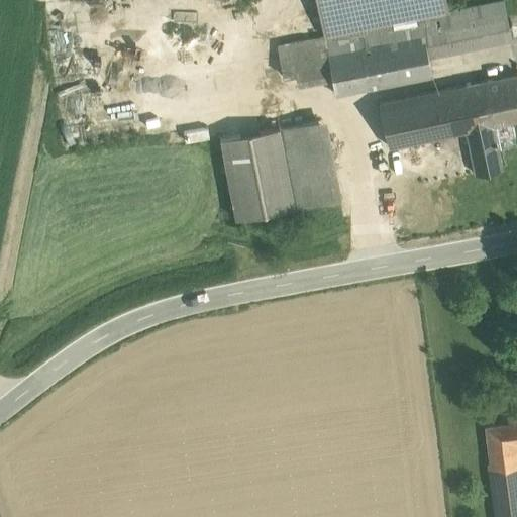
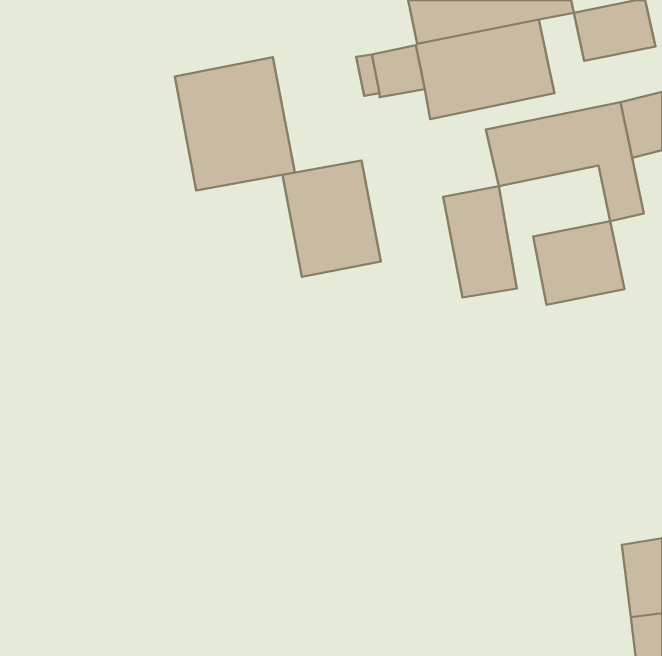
building: [420,14,455,58] -> none
building: none -> [175,57,295,190]
building: [282,121,339,208] -> [443,186,517,298]
building: none -> [533,221,625,305]

